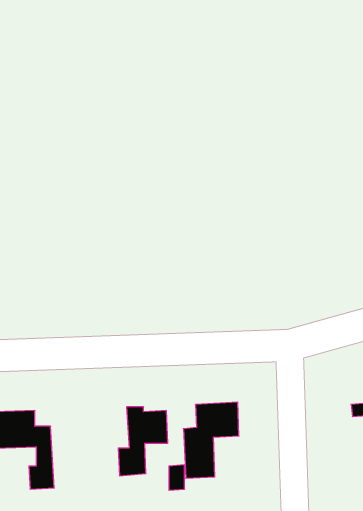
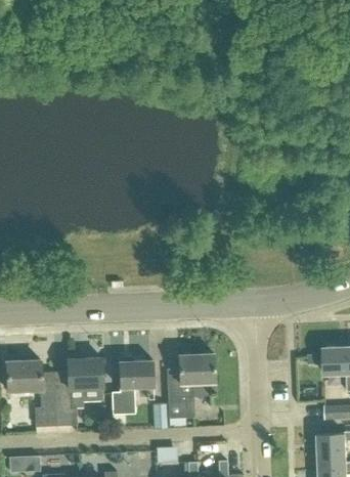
building: none -> [53,358,102,426]

